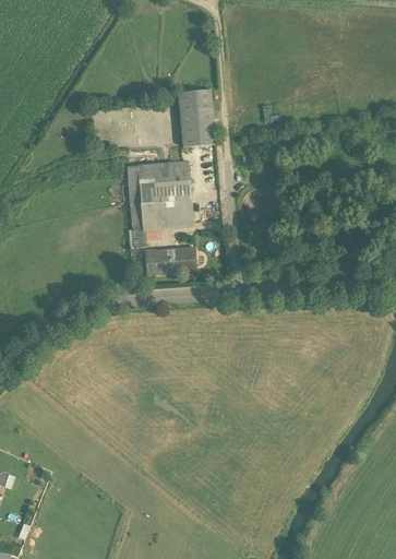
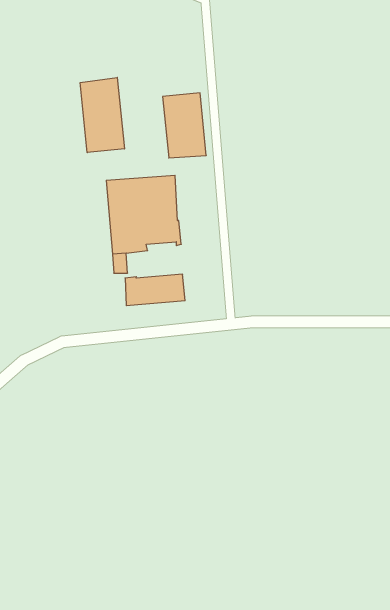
building: none -> [80,77,124,153]

